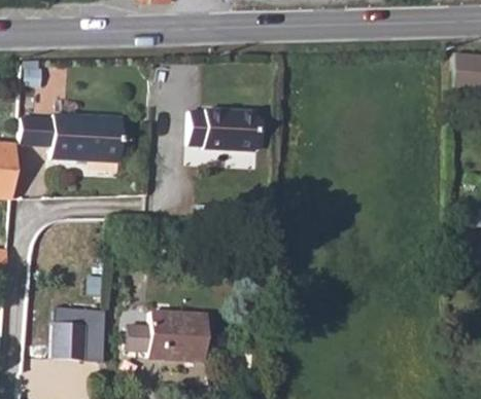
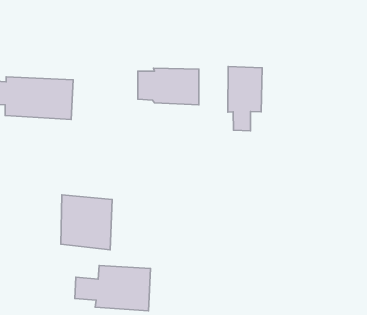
building: none -> [228,67,262,131]
building: [50,305,105,364] -> [61,195,112,250]

